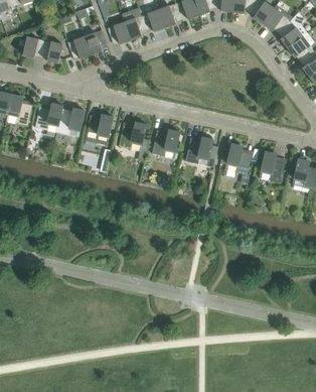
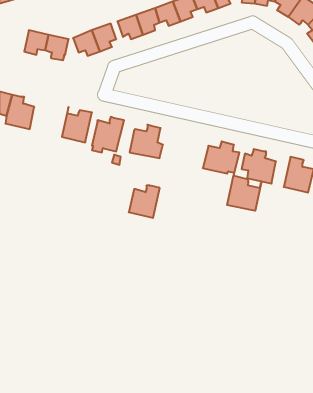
building: [35,103,63,132] -> none
building: [152,129,180,158] -> [129,186,160,218]
building: none -> [227,176,262,211]

